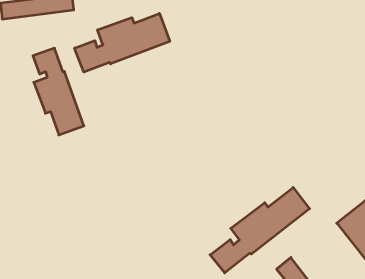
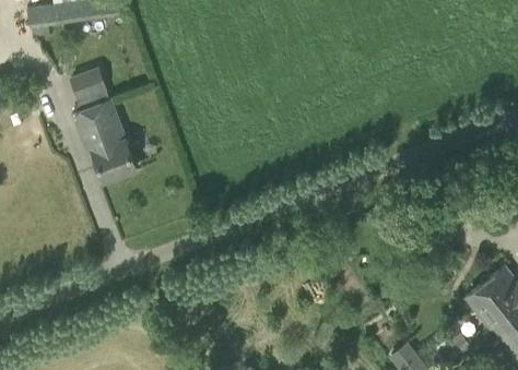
building: [75,13,170,72] -> none
building: [210,187,310,273] -> none

